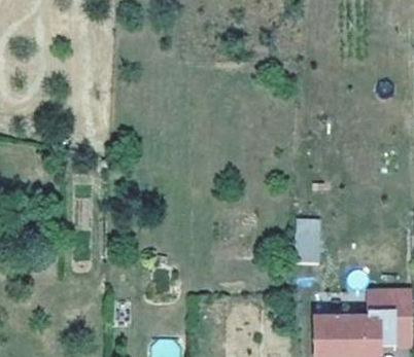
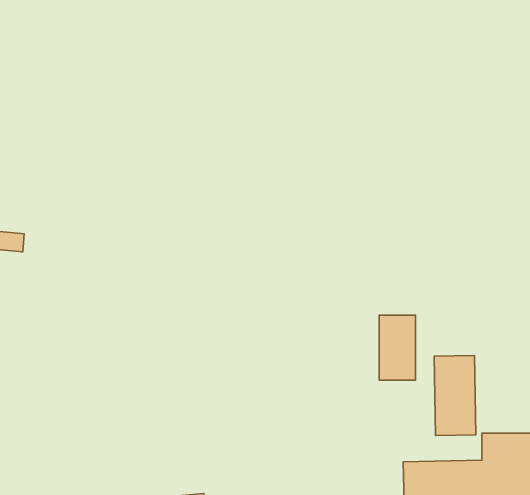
building: none -> [434,355,476,435]

